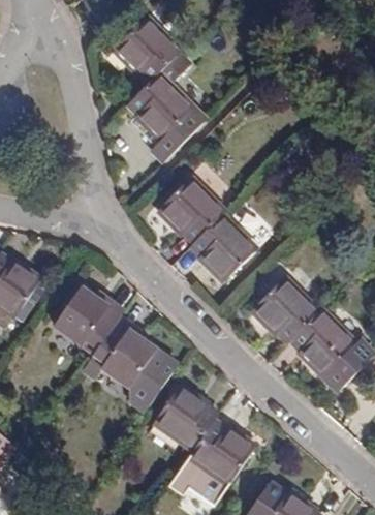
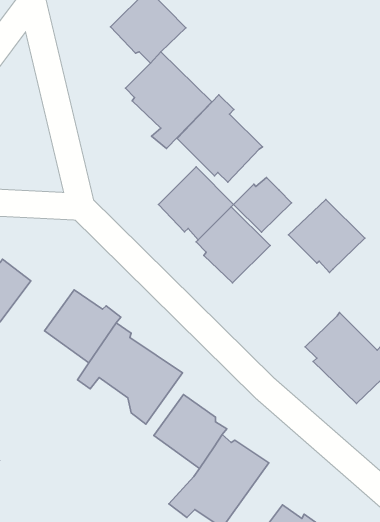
building: none -> [177,95,263,182]
building: none -> [234,177,291,232]
building: [250,277,319,343] -> [288,200,365,272]

